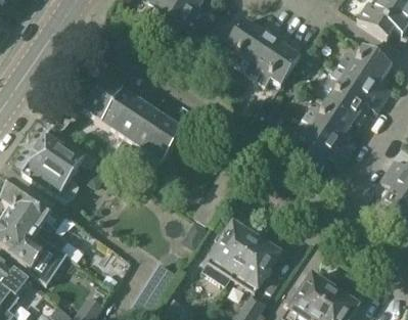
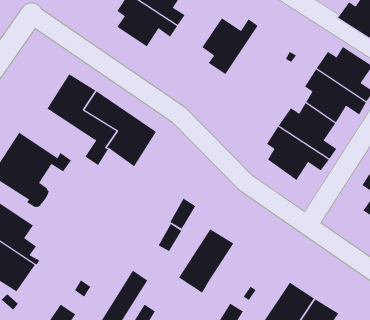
building: [248,27,301,86] -> none
building: [234,236,279,289] -> none

